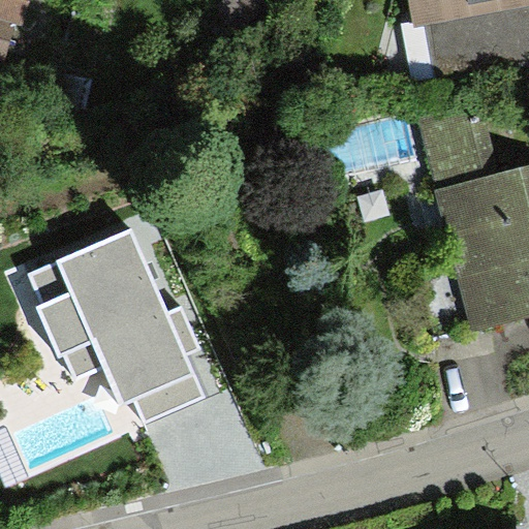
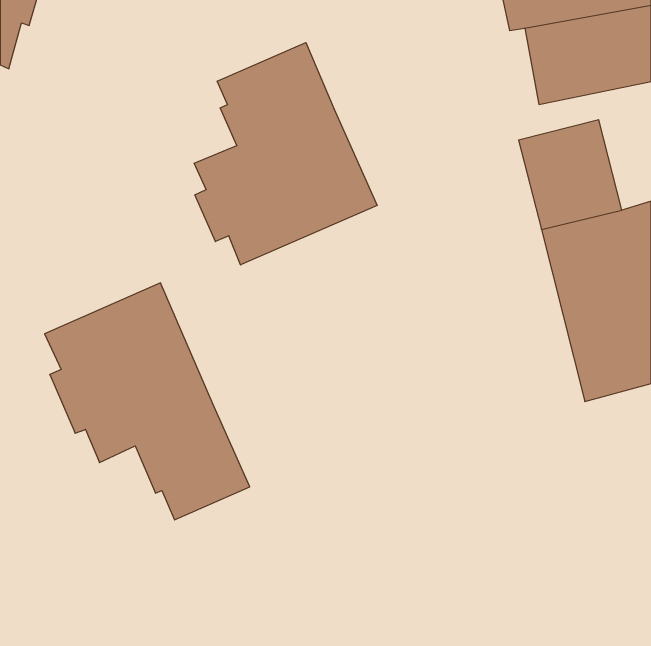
building: none -> [194,43,377,265]

